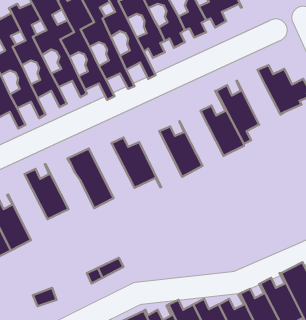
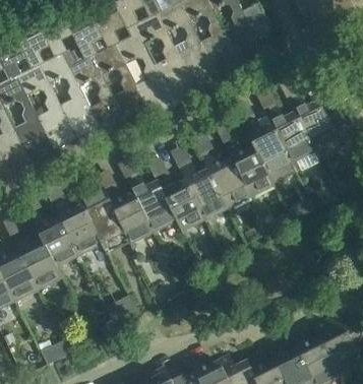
building: none -> [268,101,316,162]
building: none -> [204,146,253,207]
building: none -> [160,169,207,231]
building: none -> [104,182,155,243]
building: none -> [56,199,110,255]
building: none -> [14,216,63,290]

